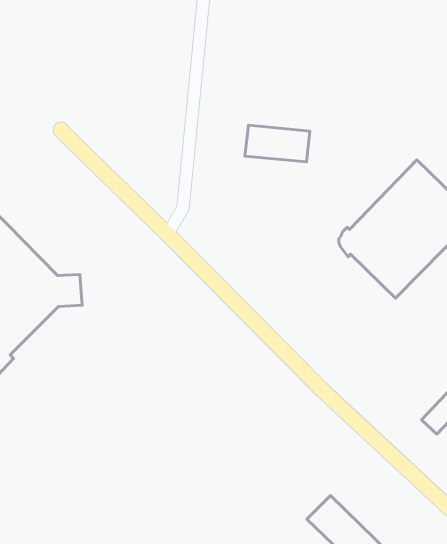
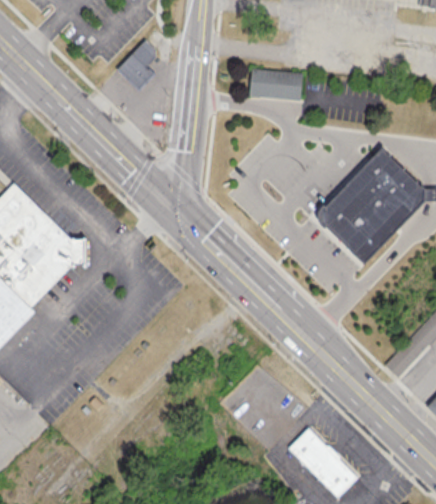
building: none -> [121,39,159,90]
building: [245,125,310,162] -> [251,68,306,99]

